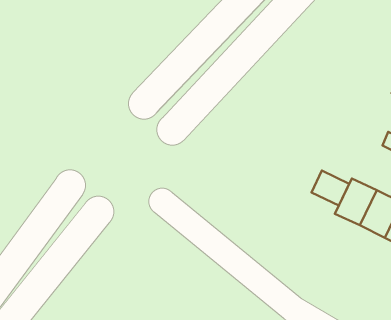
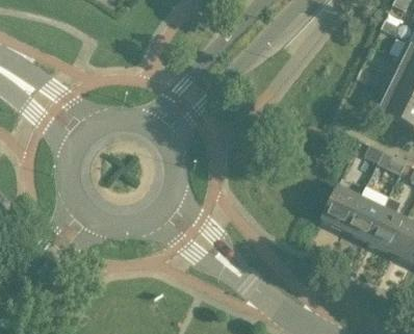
building: [311,170,349,206] -> none

